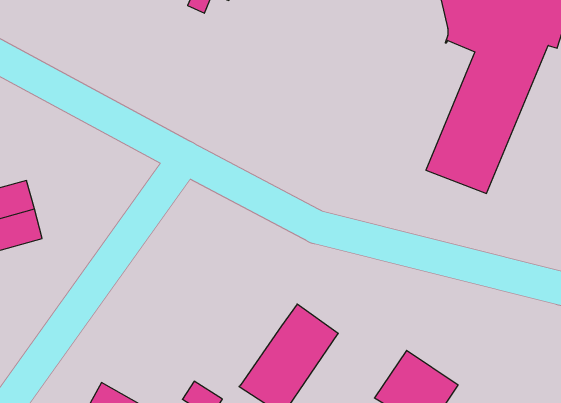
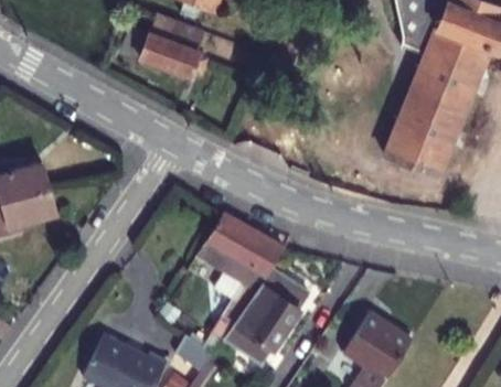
building: none -> [141,19,204,76]
building: none -> [199,214,287,341]

